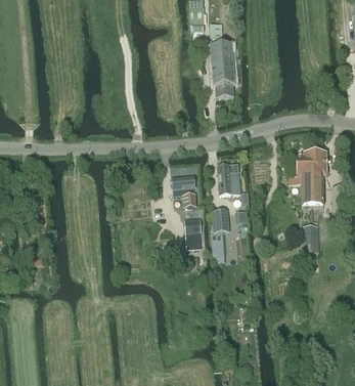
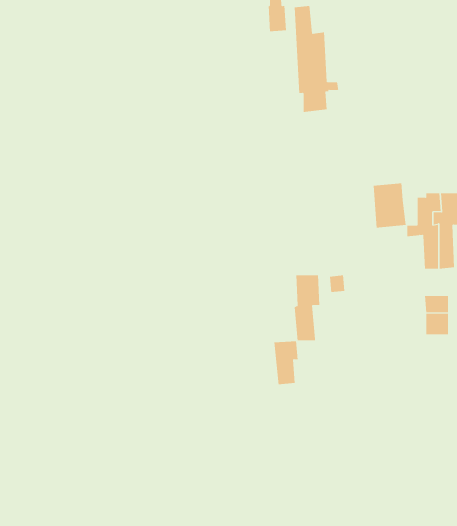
building: [217,162,240,194] -> [373,183,407,228]
building: [171,175,195,206] -> none
building: [184,217,202,248] -> [274,341,298,385]

